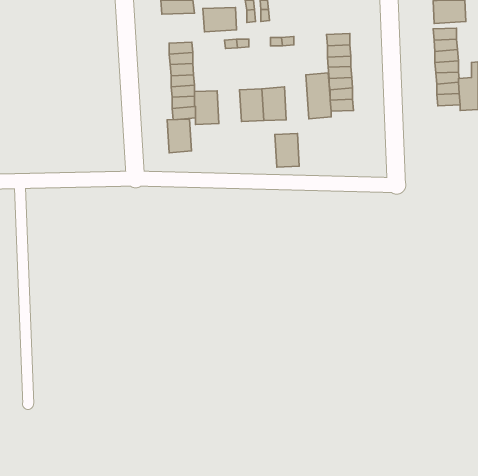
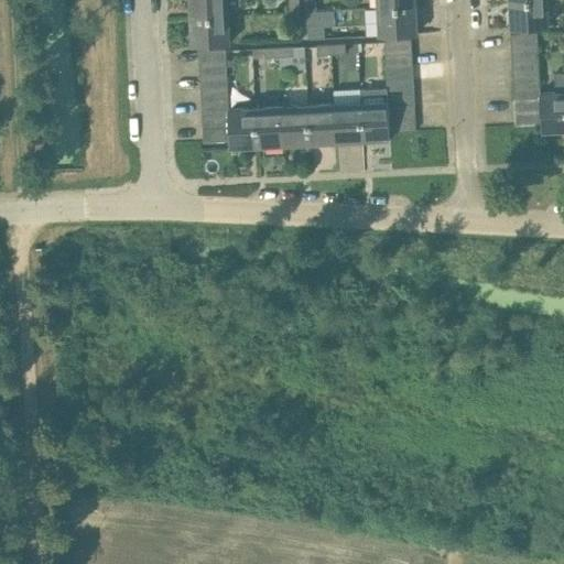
building: none -> [378,8,417,36]
building: [203,7,236,32] -> [191,18,230,46]
building: [167,119,192,153] -> [256,108,284,148]
building: [275,133,299,167] -> [335,104,364,143]

